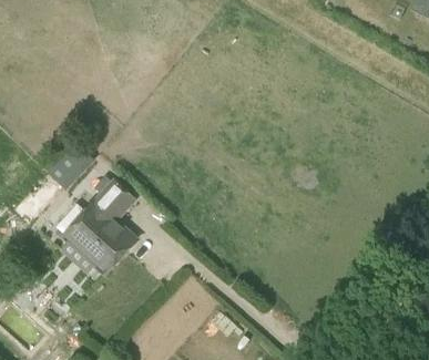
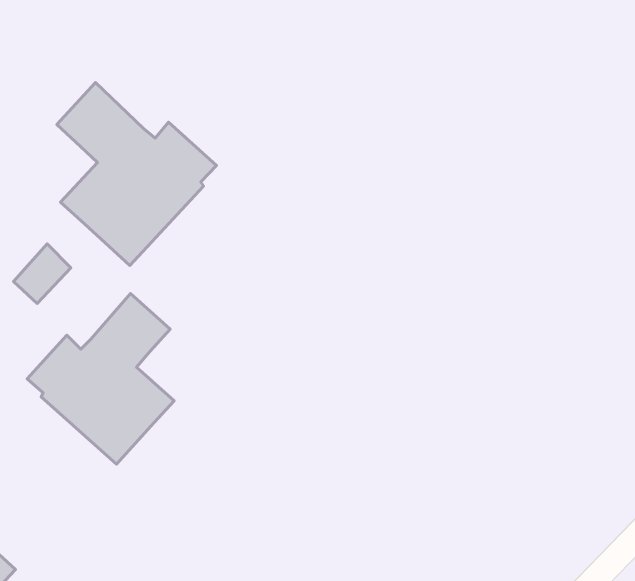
building: none -> [57,83,216,265]

